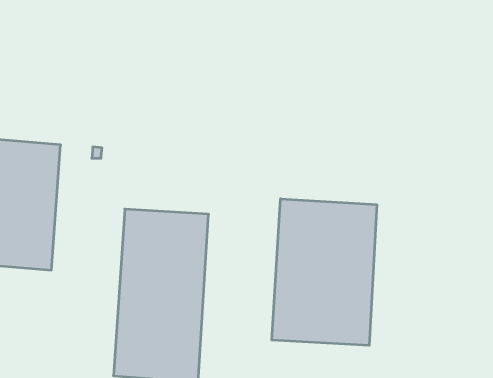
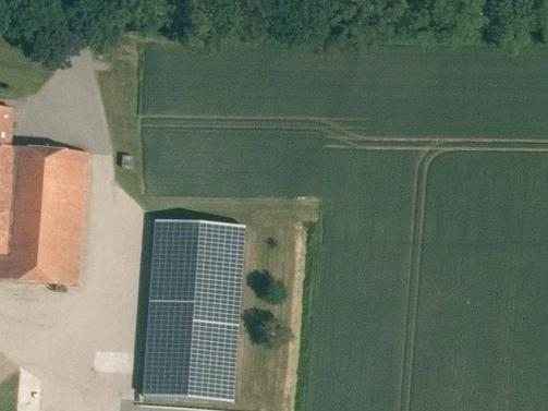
building: [272,199,377,345] -> none

